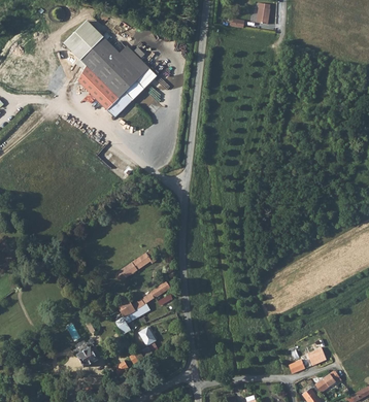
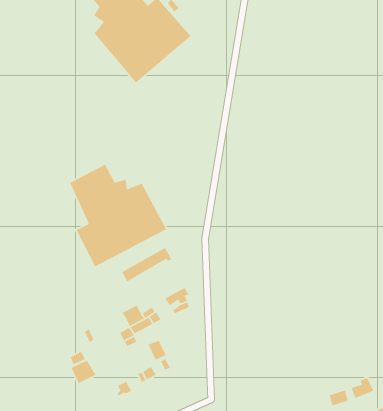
building: none -> [69,164,167,268]

